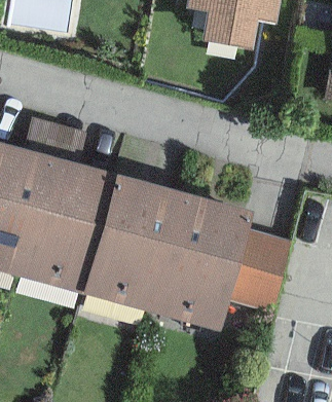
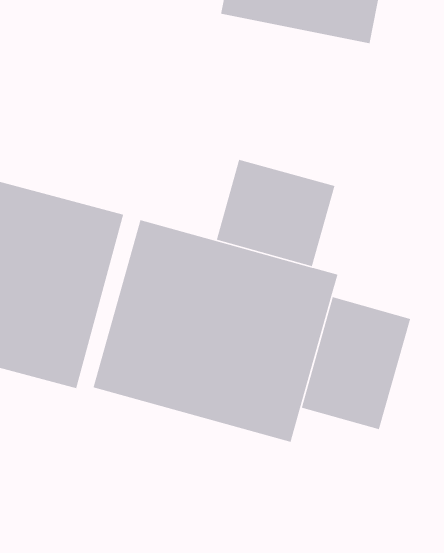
building: none -> [216,159,335,267]

